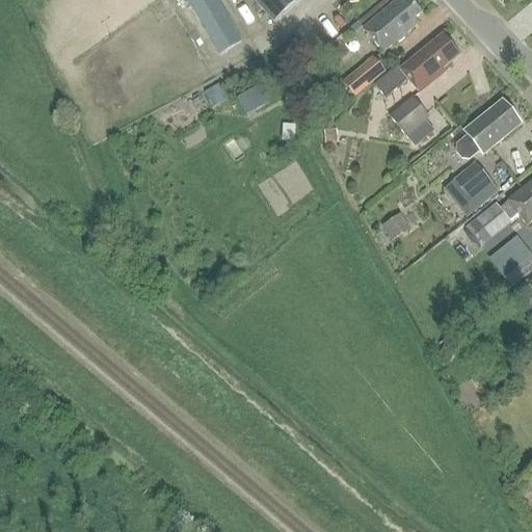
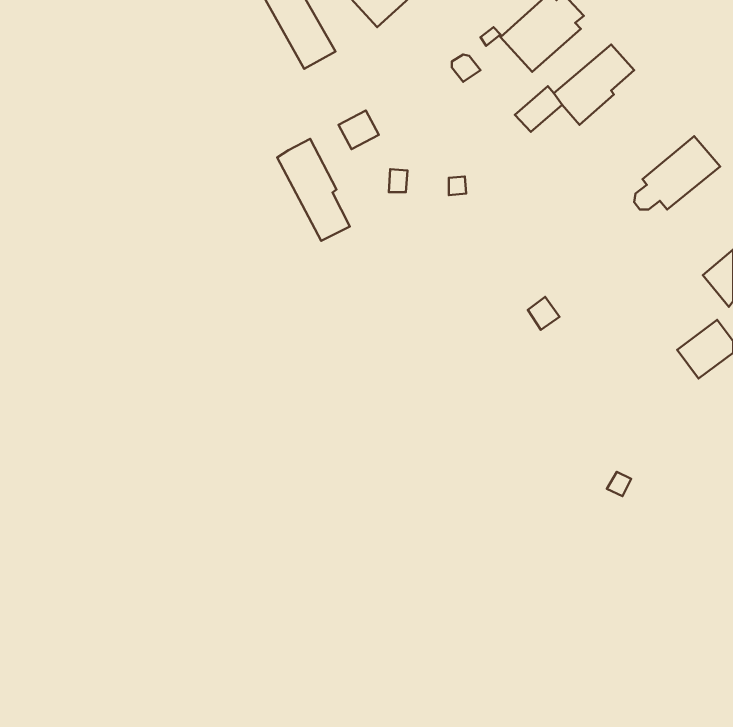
building: [339,55,382,96] -> none
building: [388,96,432,145] -> none
building: none -> [277,139,350,241]
building: [452,160,499,208] -> none
building: [464,202,509,243] -> none

